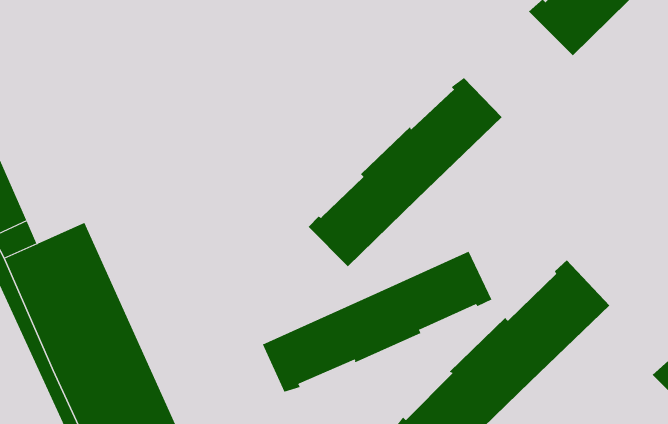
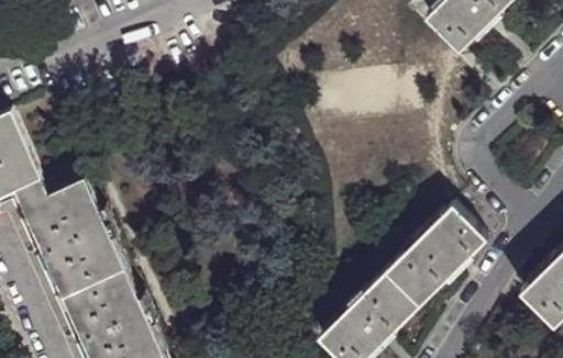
building: [308,77,502,267] -> none
building: [262,251,492,393] -> none

